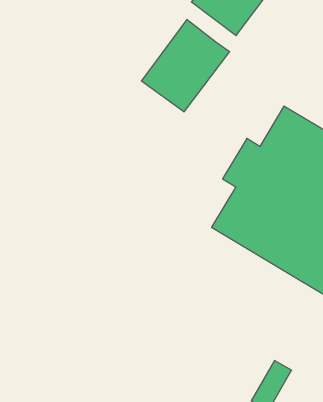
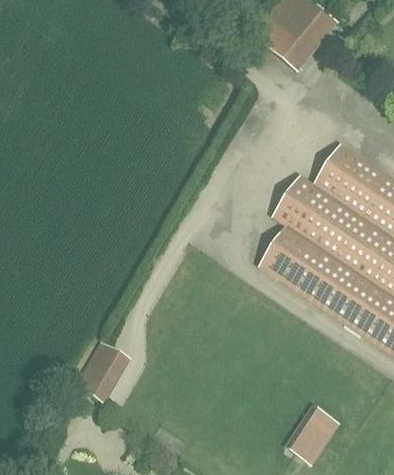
building: [141,20,230,112] -> none
building: none -> [75,342,123,399]

